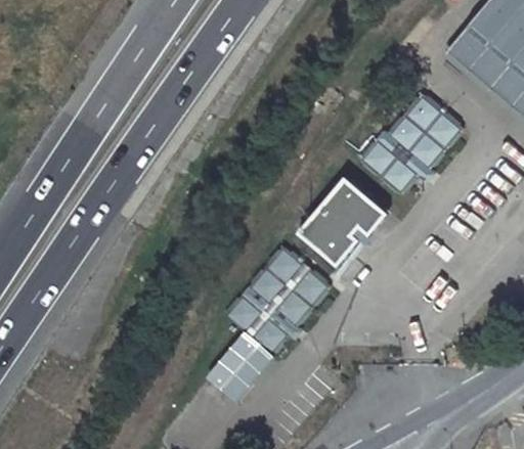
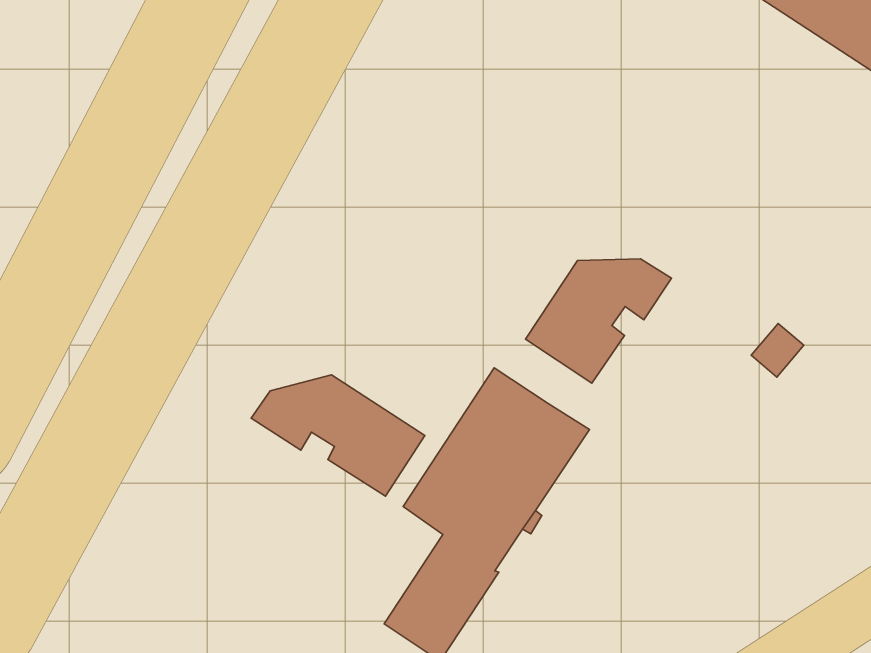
building: [365,97,469,190] -> none
building: none -> [251,375,425,496]

